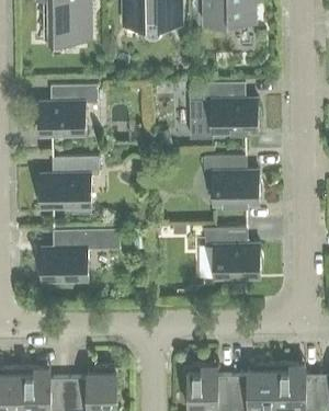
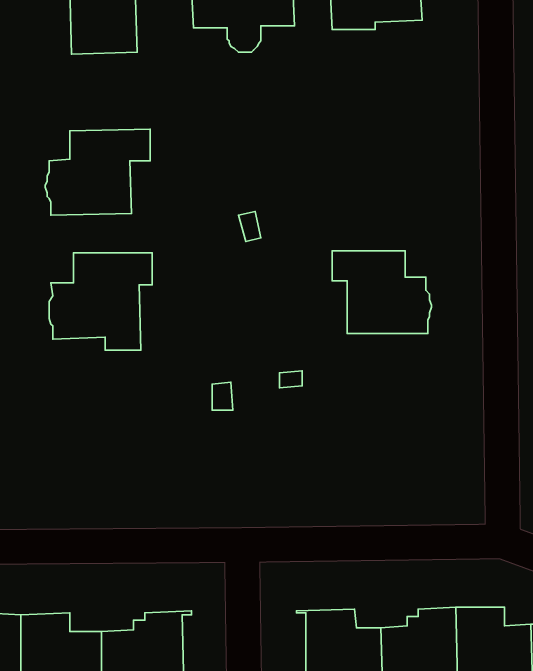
building: [190,83,261,139] -> none
building: [39,229,120,282] -> none
building: [205,229,263,278] -> none

